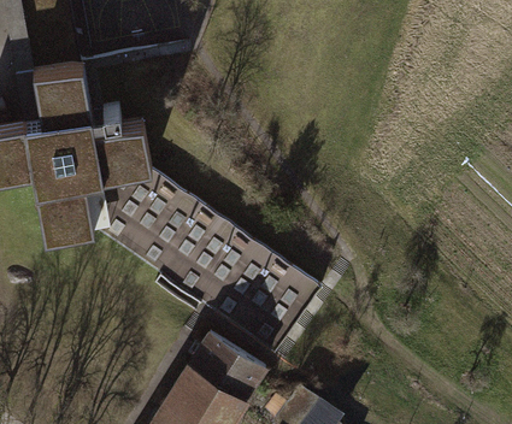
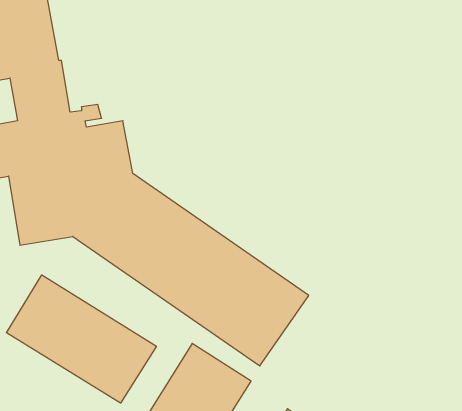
building: none -> [7,275,156,403]

